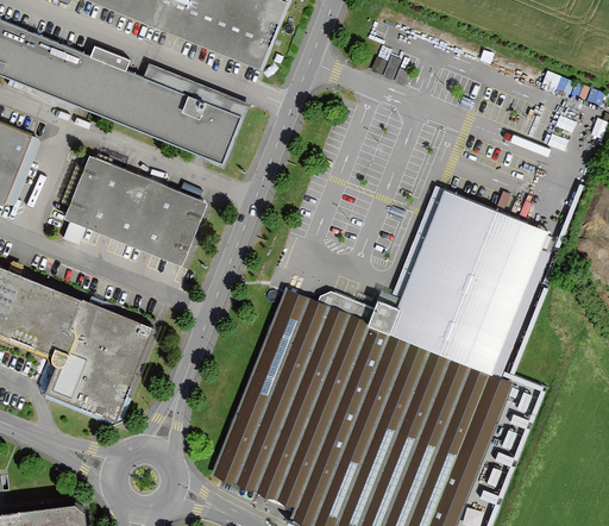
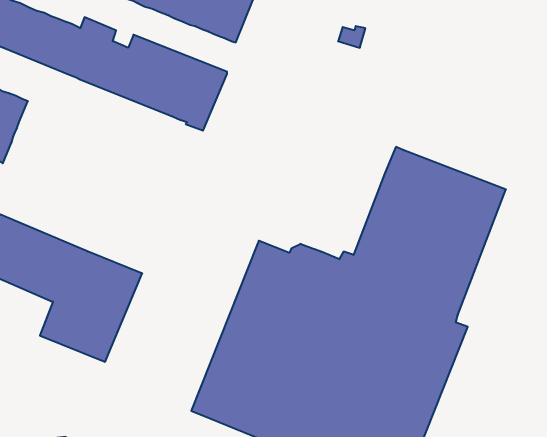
building: [63,156,207,267] -> none

